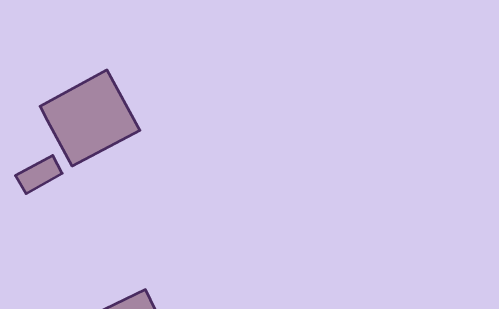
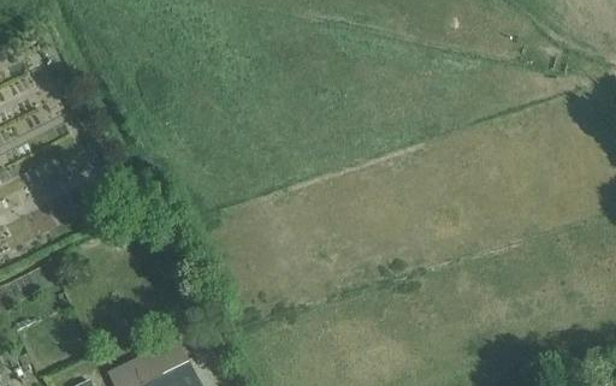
building: [40,70,140,166] -> none

